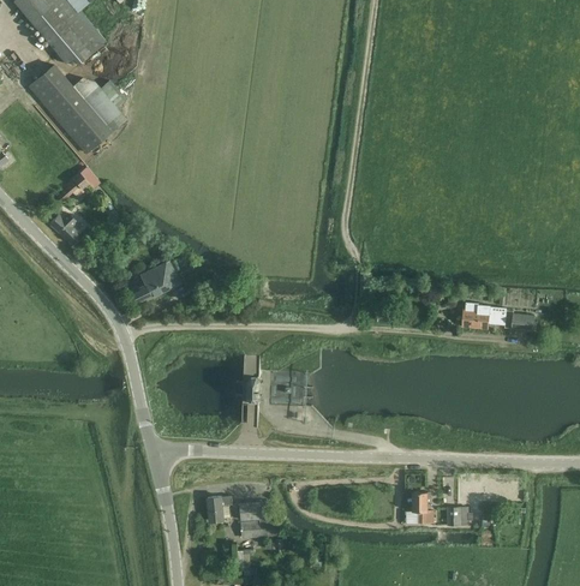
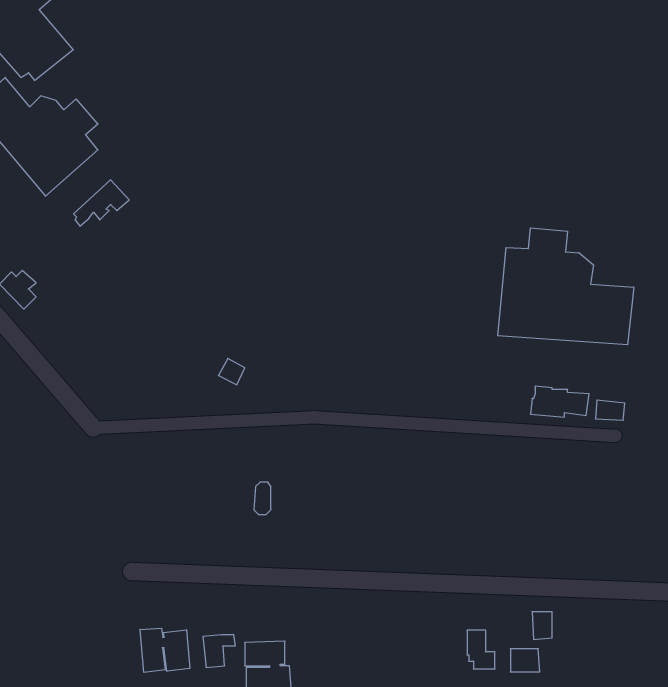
building: [56,167,100,203] -> [74,180,129,226]
building: none -> [498,228,634,345]
building: [127,262,179,305] -> none
building: none -> [140,628,190,672]

